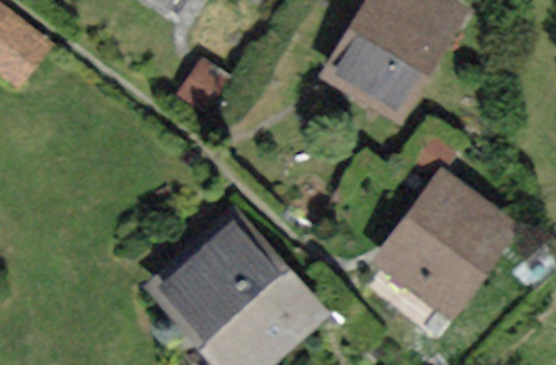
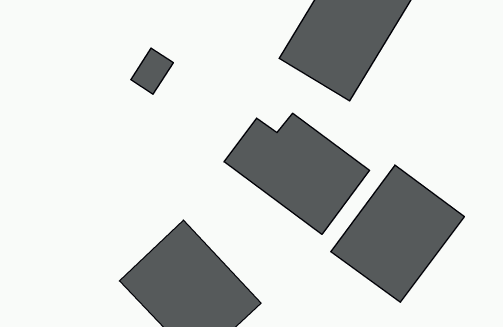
building: none -> [224,113,370,234]

